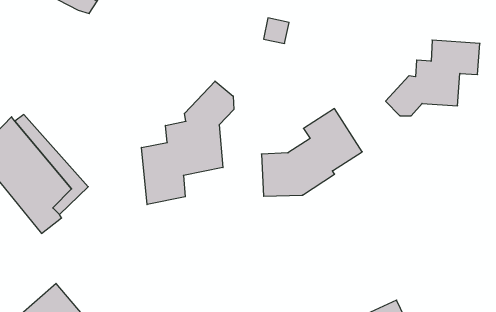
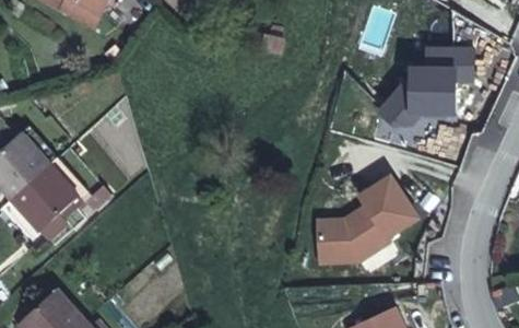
building: [141,81,234,205] -> none
building: [261,109,362,196] -> [317,176,416,262]

